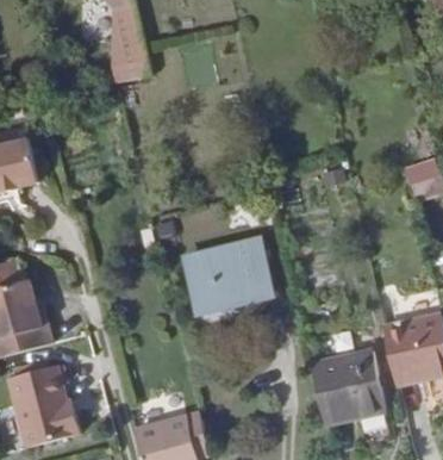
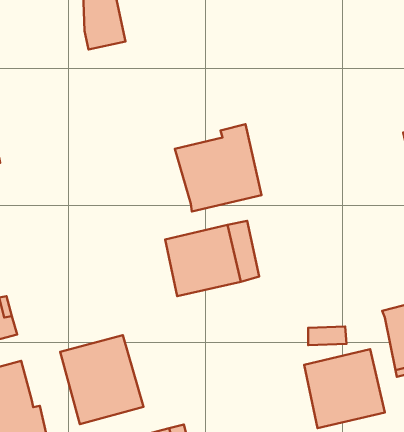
building: none -> [175,124,262,211]
building: none -> [60,335,144,424]

